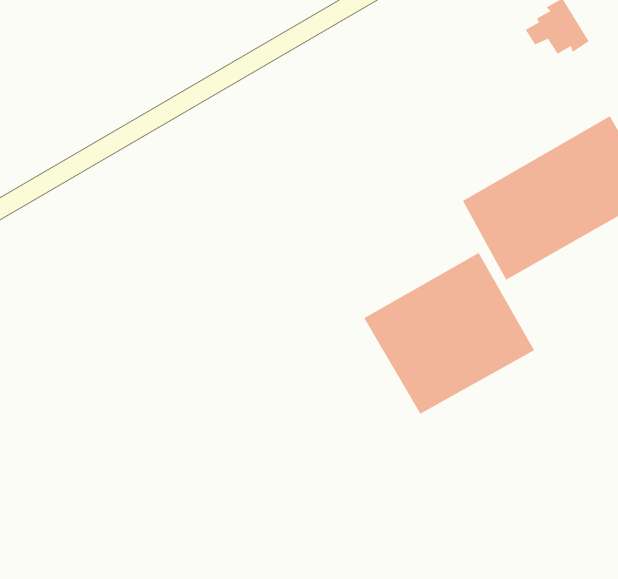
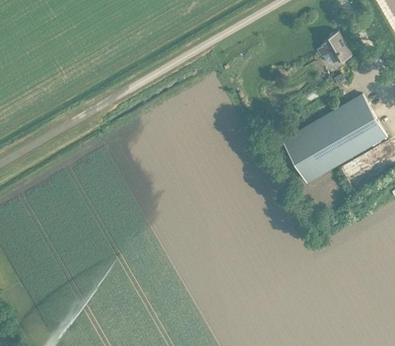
building: [364,252,535,415] -> none

